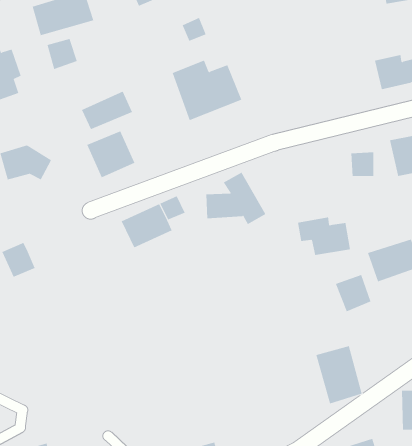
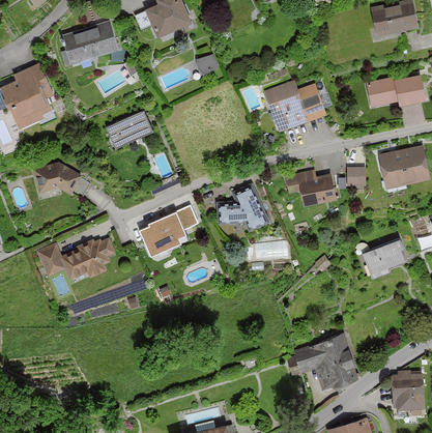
building: [47,38,78,70] -> none
building: [172,60,242,121] -> [263,79,325,133]
building: [86,131,135,178] -> none
building: [297,217,351,255] -> [286,171,334,205]
building: none -> [61,238,109,281]
building: [335,274,371,312] -> none
building: none -> [292,344,326,391]

